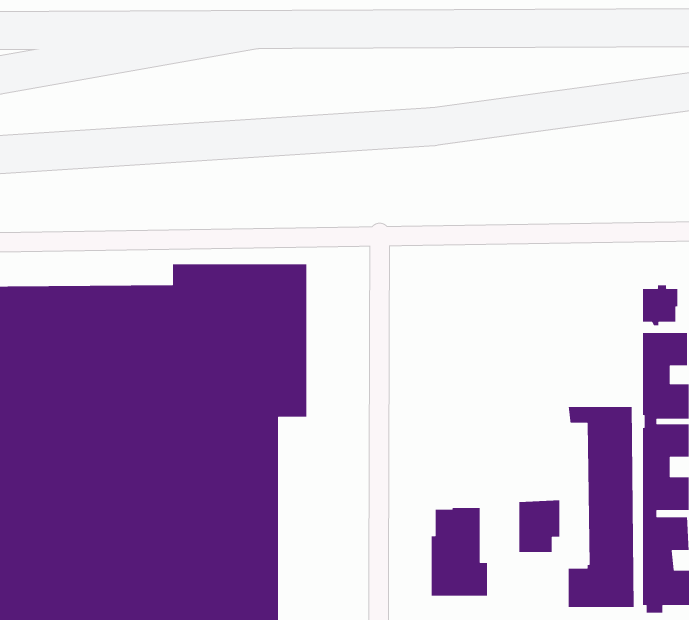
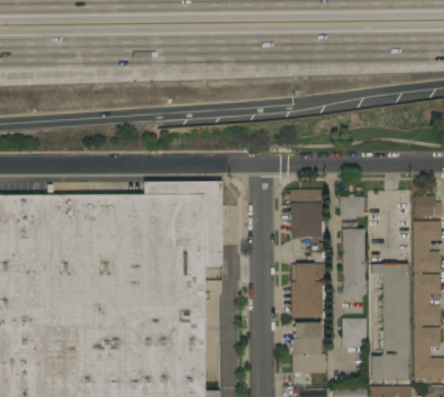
building: none -> [291,190,325,238]
building: none -> [341,194,364,217]
building: none -> [343,222,365,296]
building: none -> [292,264,326,316]

